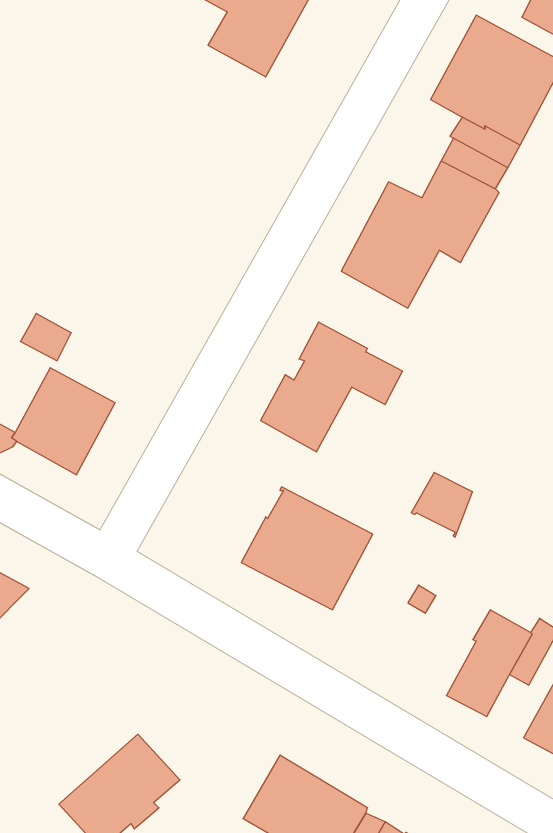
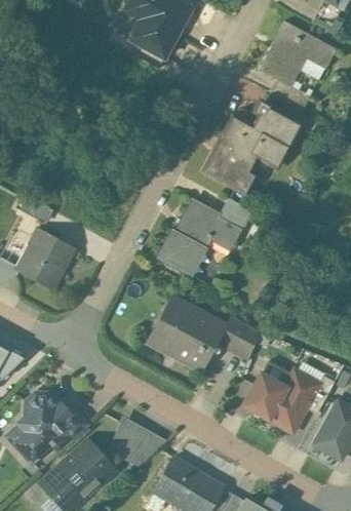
building: none -> [221,200,252,230]
building: [411,472,473,537] -> [222,319,258,357]
building: none -> [242,374,285,420]
building: none -> [13,394,86,460]
building: none -> [111,421,162,464]

